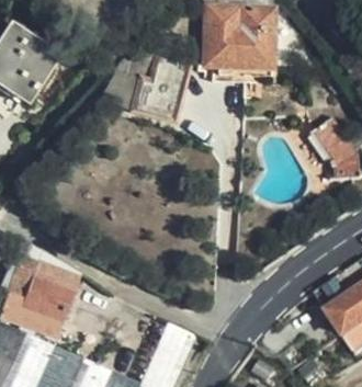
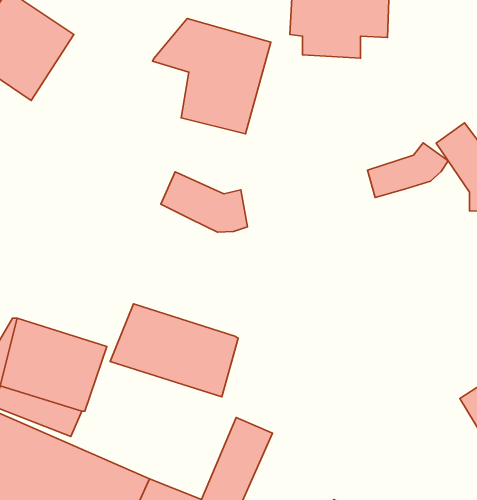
building: none -> [367,143,448,197]
building: none -> [161,172,247,232]
building: none -> [110,304,238,397]

